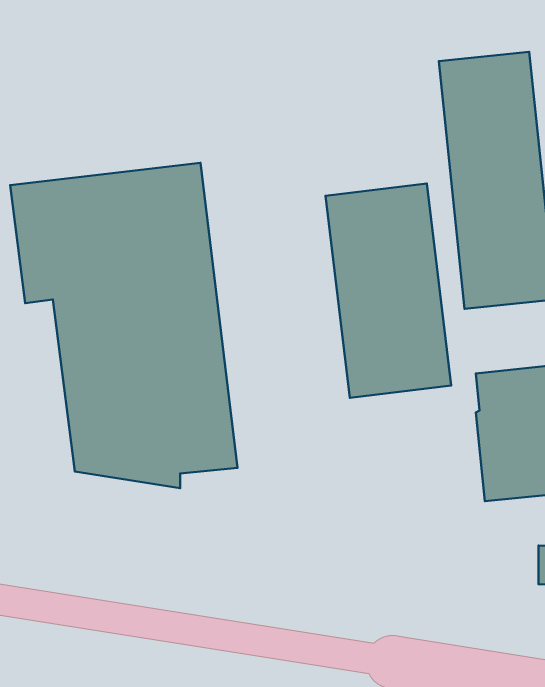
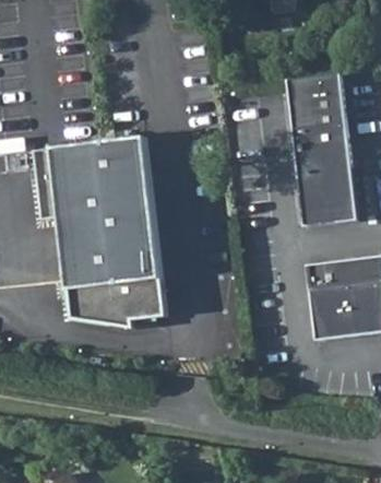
building: [325,183,451,398] -> none

